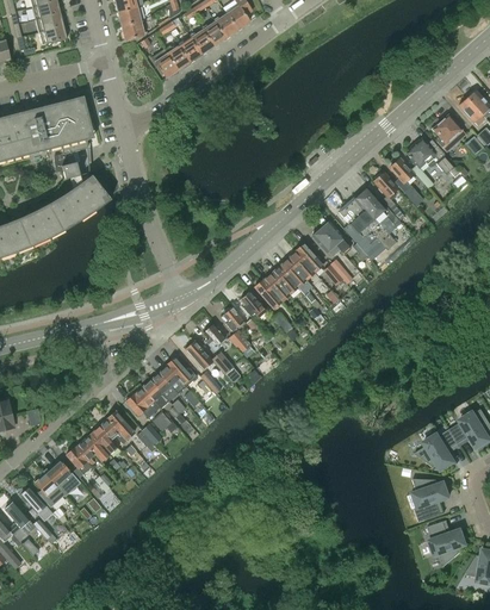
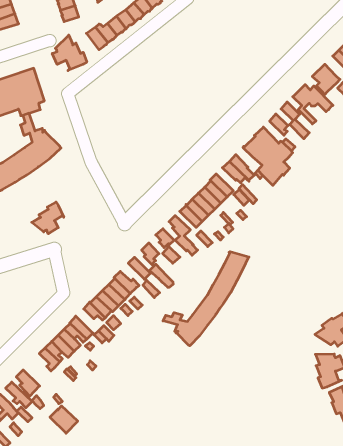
building: none -> [52,35,87,71]
building: none -> [32,202,64,234]
building: none -> [163,252,249,346]
building: [44,460,79,494] -> [50,406,78,433]

